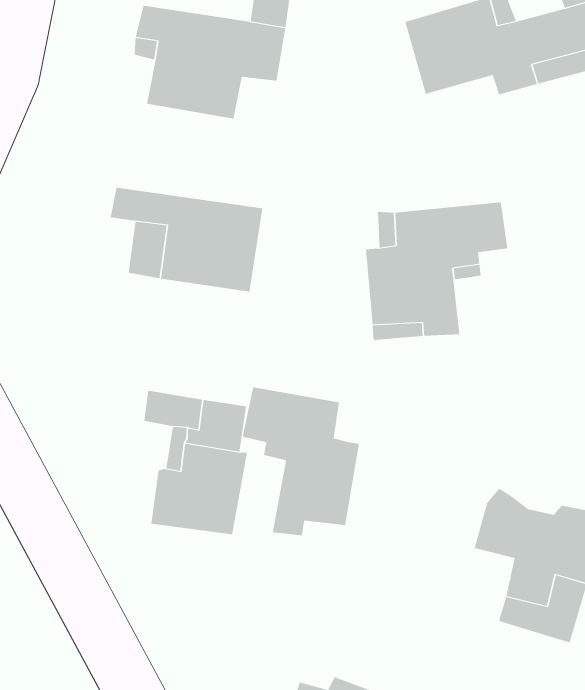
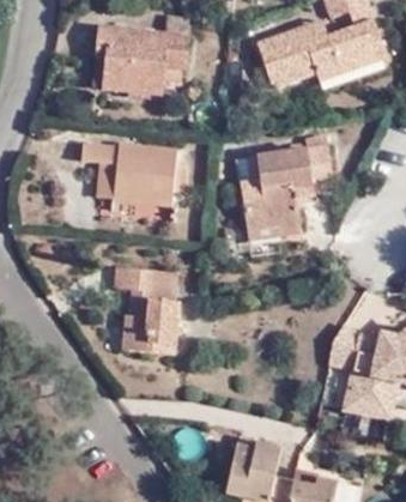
building: [242,386,359,536] -> none

